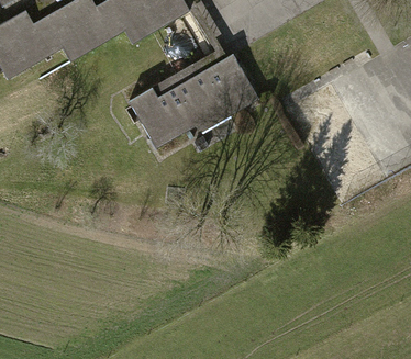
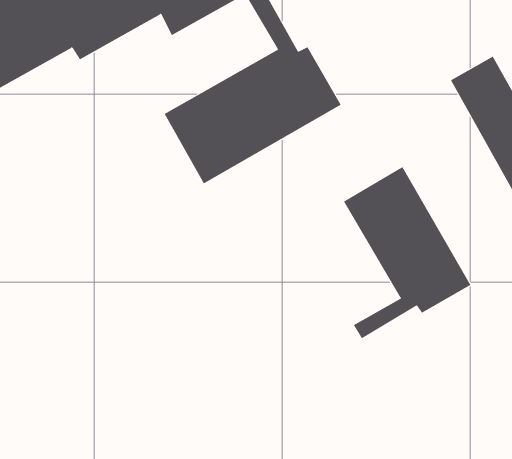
building: none -> [343,166,471,339]

